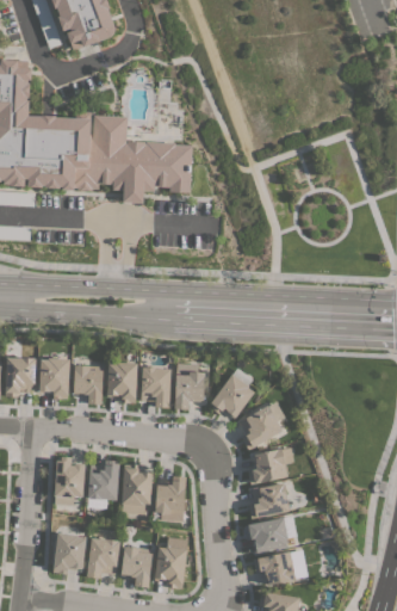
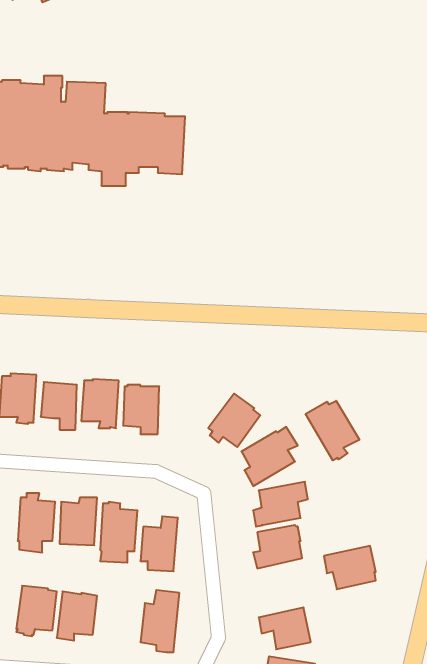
building: [174,363,205,409] -> none
building: none -> [306,401,359,460]
building: [244,517,287,553] -> [324,546,376,589]
building: [120,545,153,587] -> none

